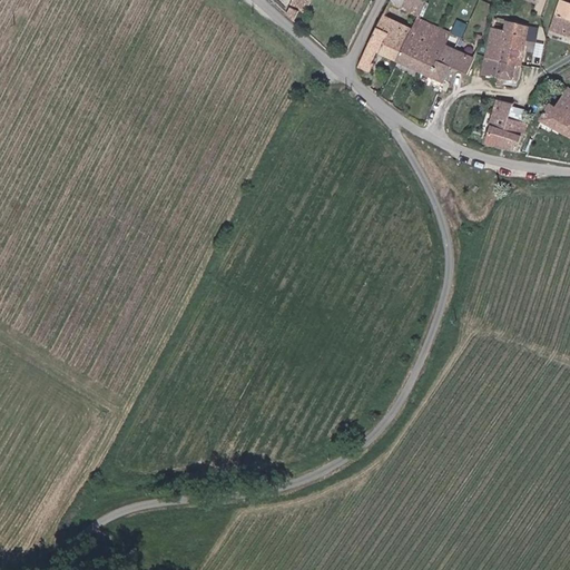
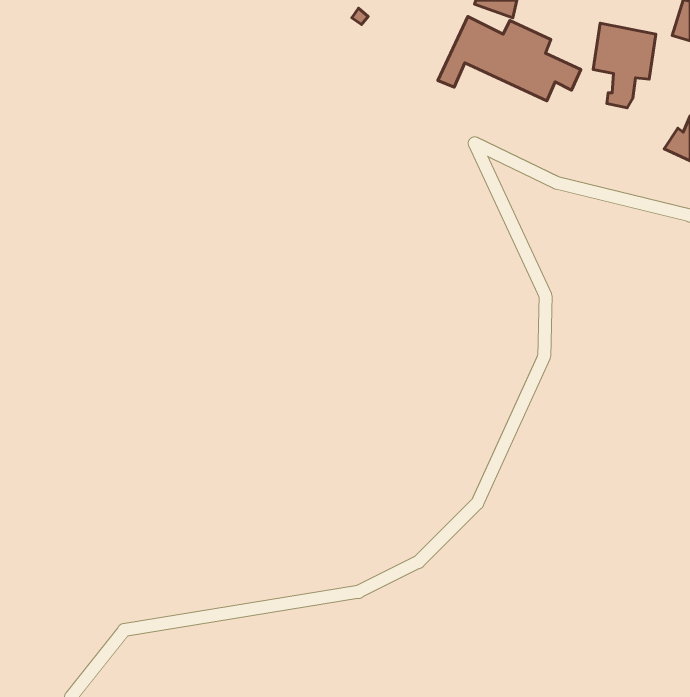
building: [487,99,527,151] -> none

